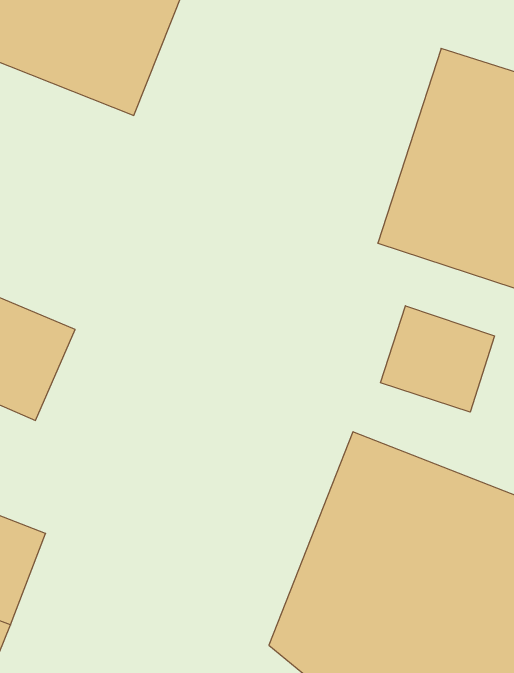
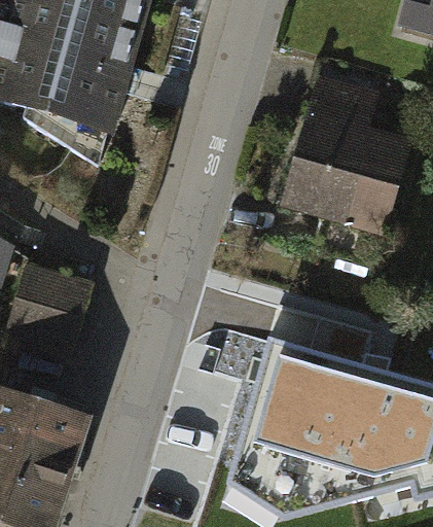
building: [380,306,494,412] -> none

